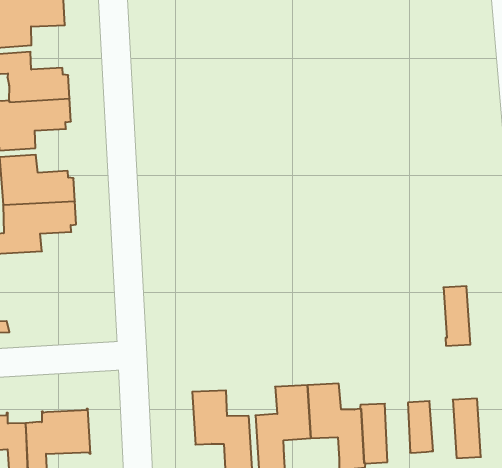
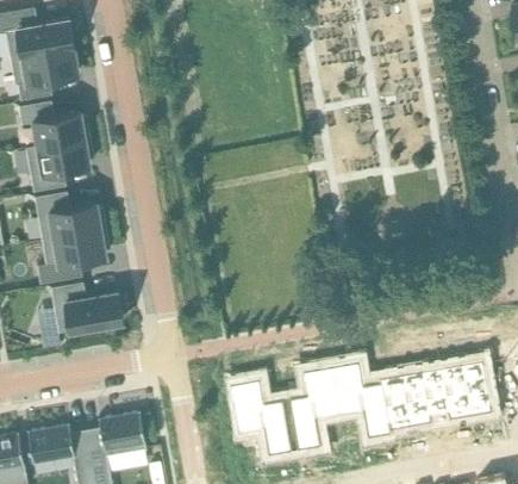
building: none -> [51,284,123,336]
building: [443,286,470,346] -> [441,366,470,421]
building: none -> [401,373,431,428]

